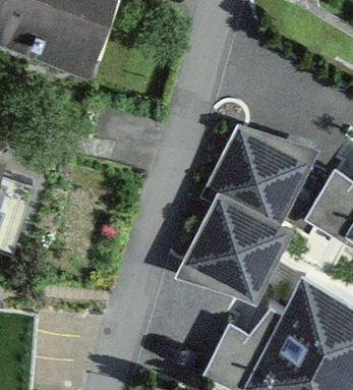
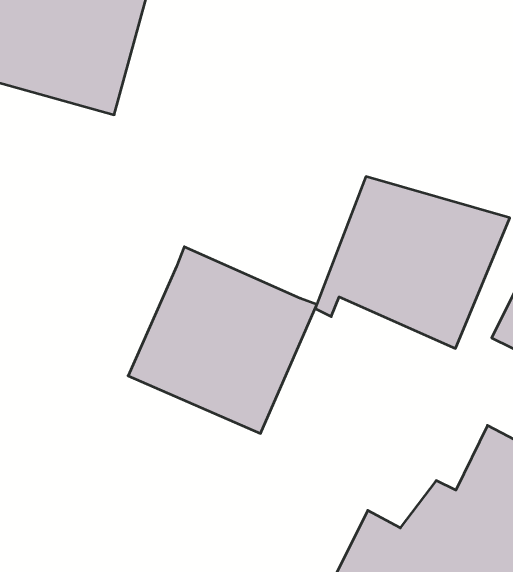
building: [179,194,291,305] -> [128,247,317,433]

